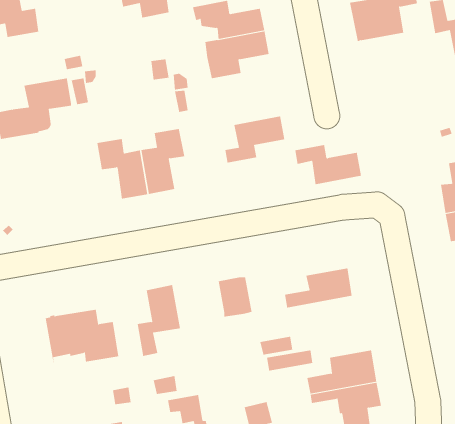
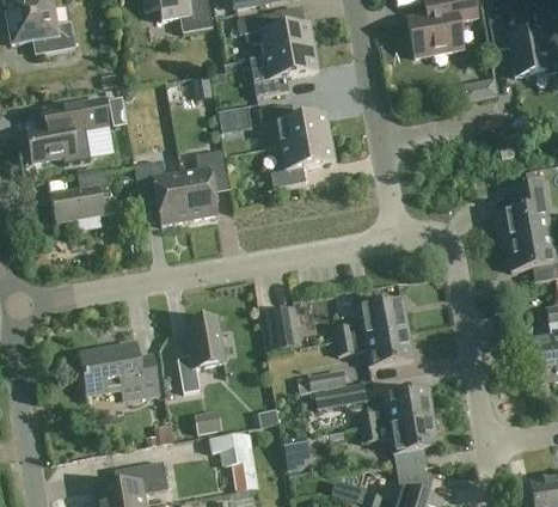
building: [295,144,362,185] -> [259,103,331,146]
building: none -> [49,169,111,225]
building: none -> [337,328,413,367]

